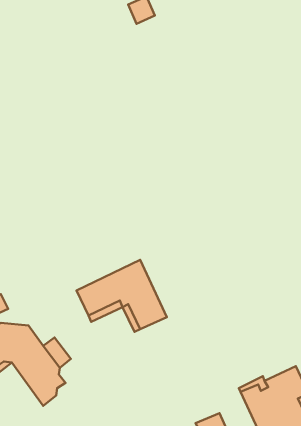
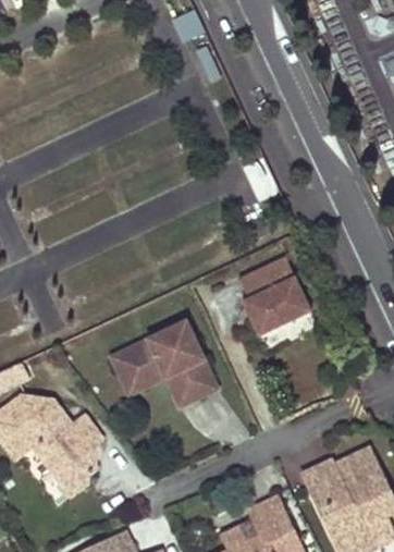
building: none -> [238,260,310,340]

